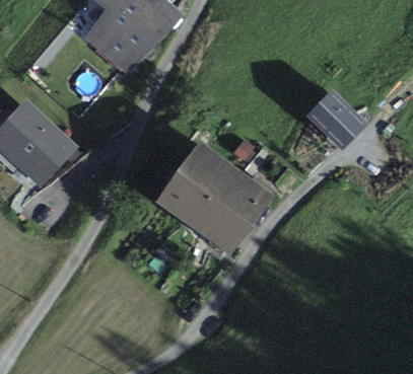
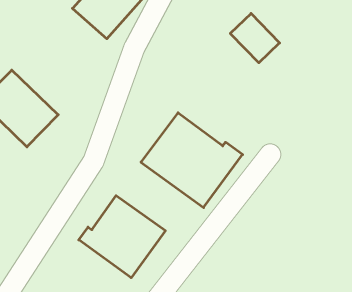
building: [309,93,362,146] -> [230,13,280,63]
building: none -> [79,196,165,278]

